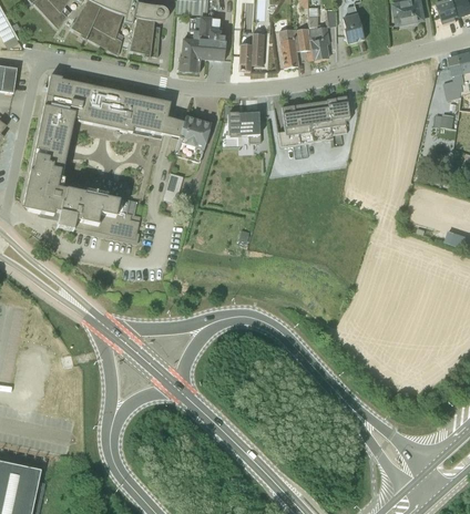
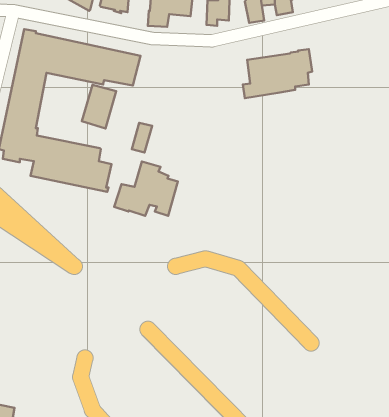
building: [227,109,260,142] -> none
building: [175,116,211,162] -> [82,85,116,128]
building: none -> [114,161,178,216]

